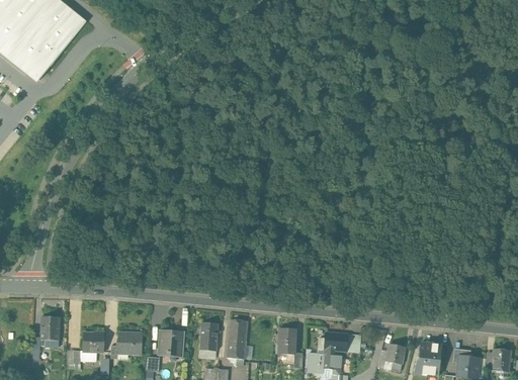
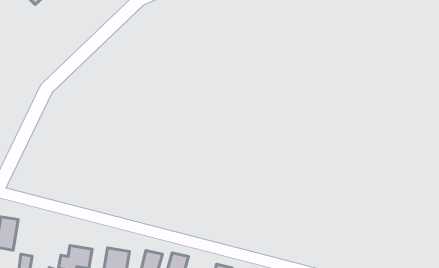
building: [82,329,105,350] -> none

